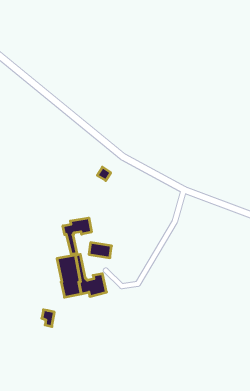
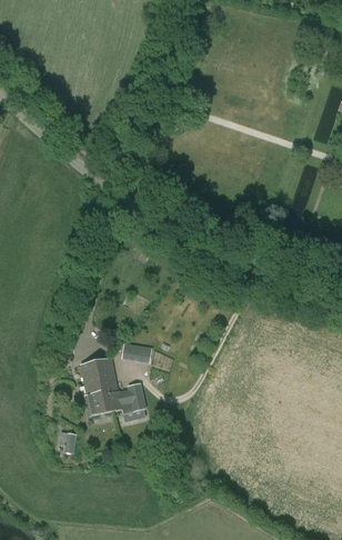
building: [63,218,91,255] -> none

